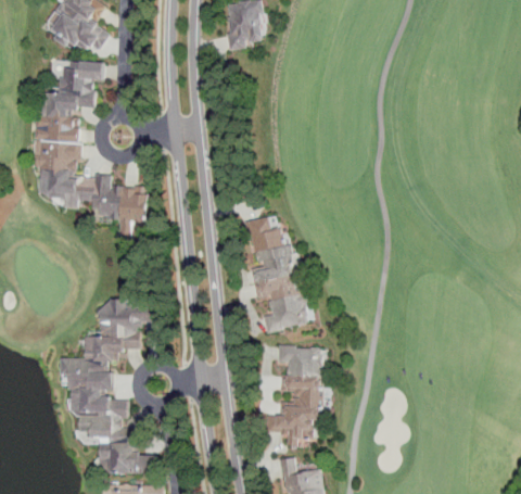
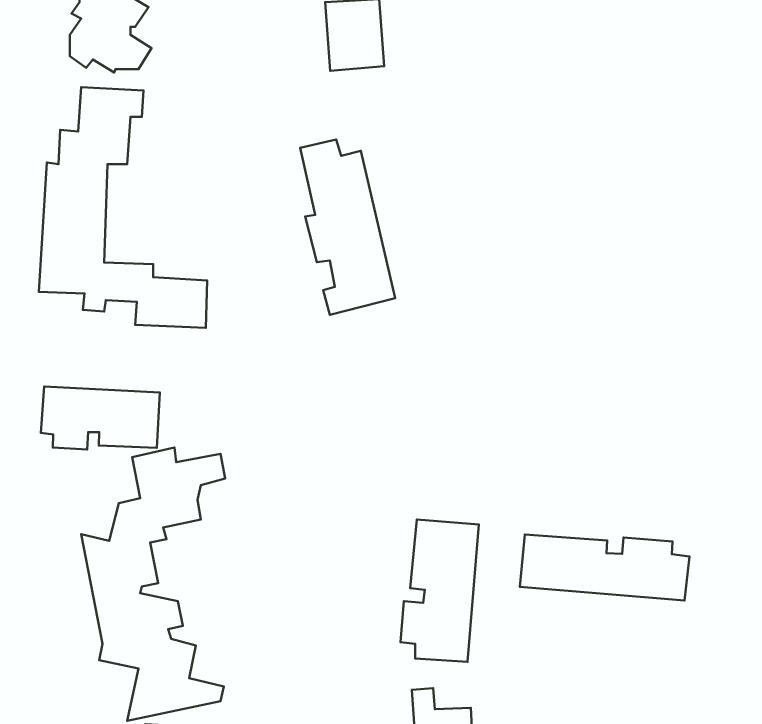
building: [246,217,309,333] -> [300,140,395,315]
building: none -> [41,387,160,450]
building: none -> [520,534,689,601]

